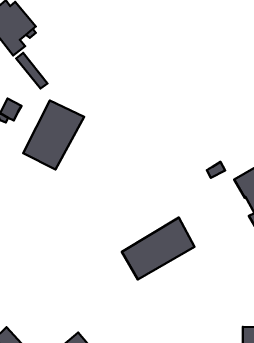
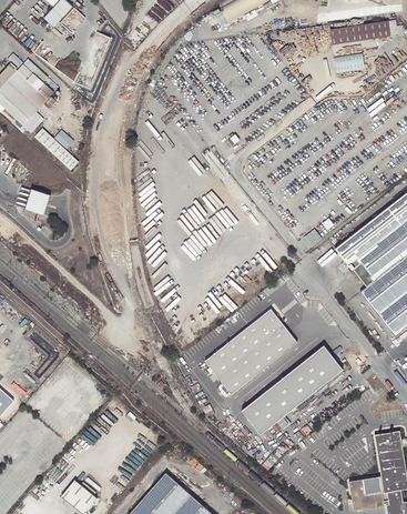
building: [23,101,84,169] -> none
building: none -> [242,345,343,434]

